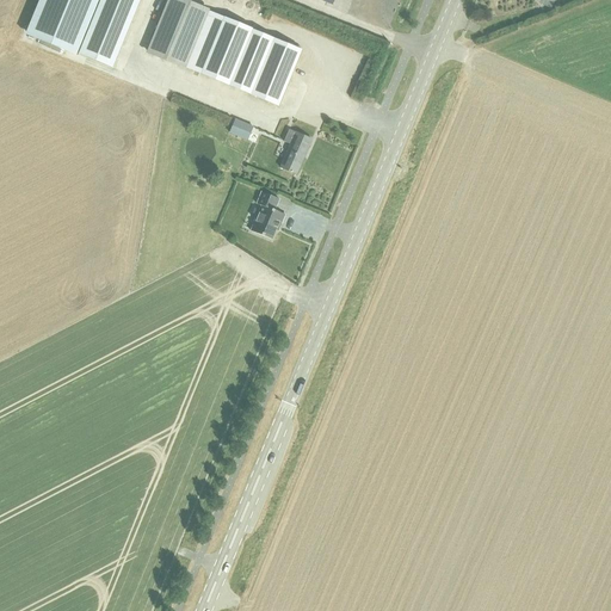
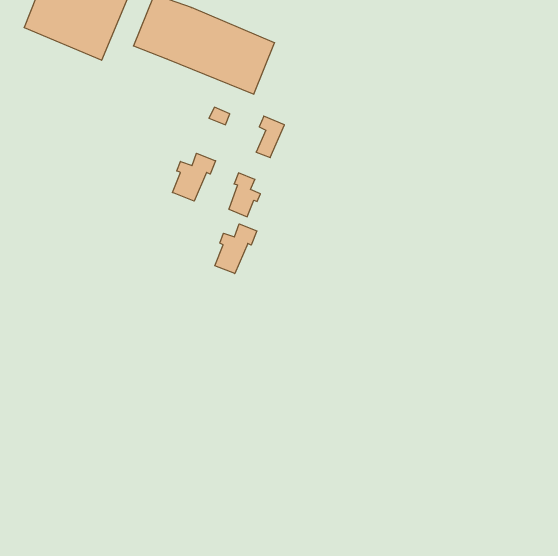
building: none -> [172,153,216,201]
building: none -> [215,224,257,274]

